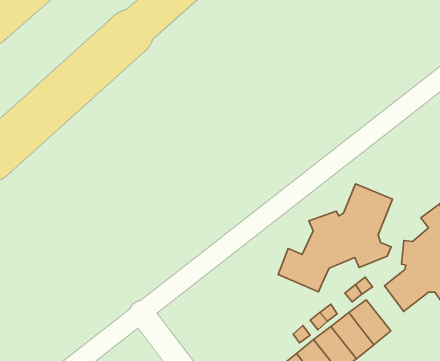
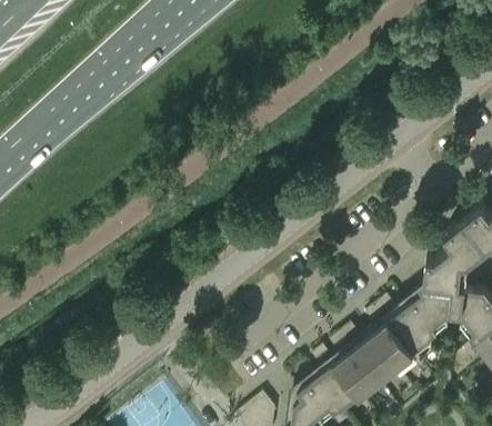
building: [278,184,393,292] -> none
building: none -> [390,309,434,356]

